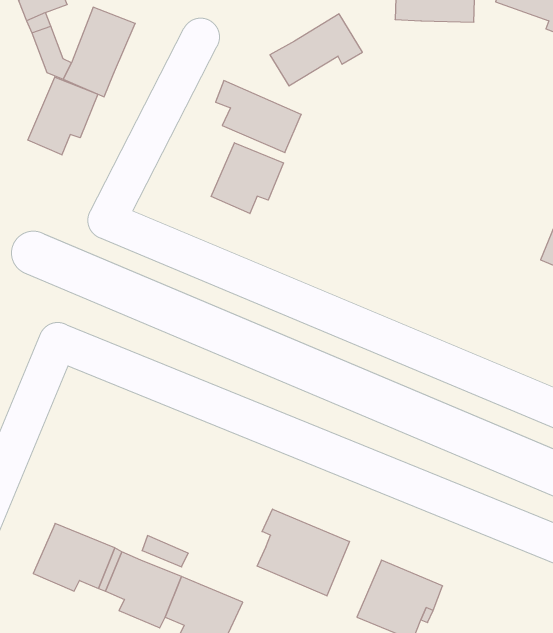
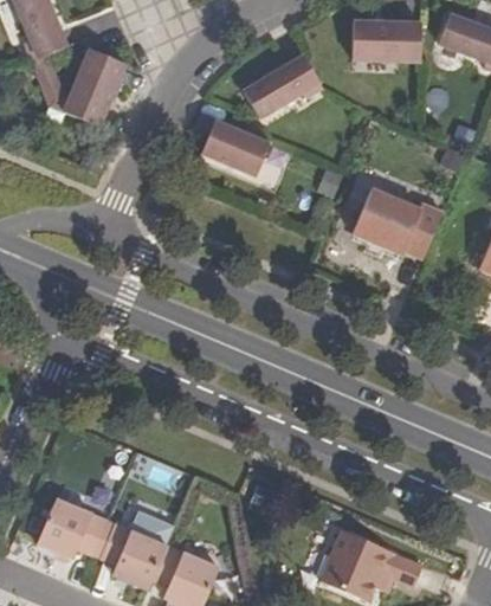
building: [28,77,98,155] -> none
building: [211,143,283,214] -> none
building: none -> [353,189,442,258]
building: [257,509,349,596] -> none

